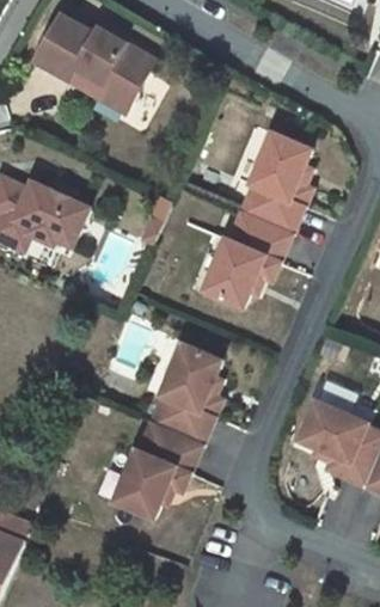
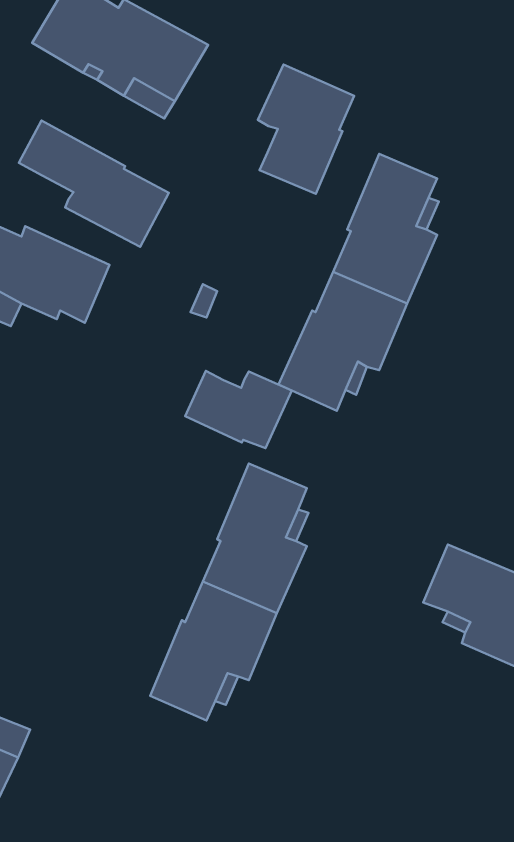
building: none -> [258,64,354,194]
building: none -> [19,121,169,247]
building: none -> [185,371,292,448]

